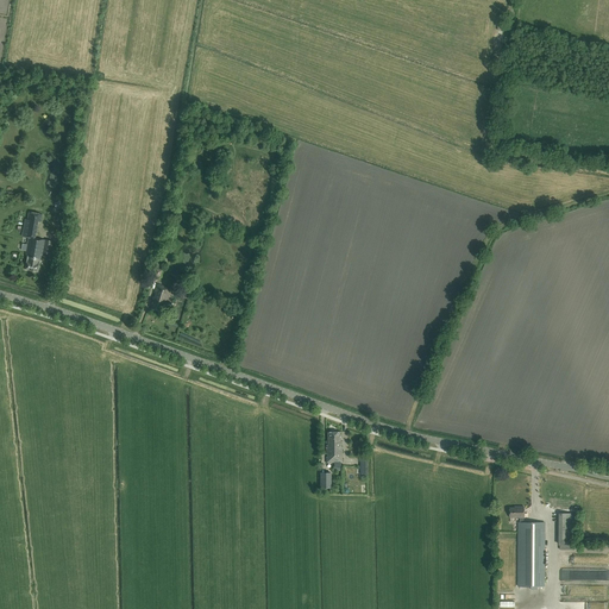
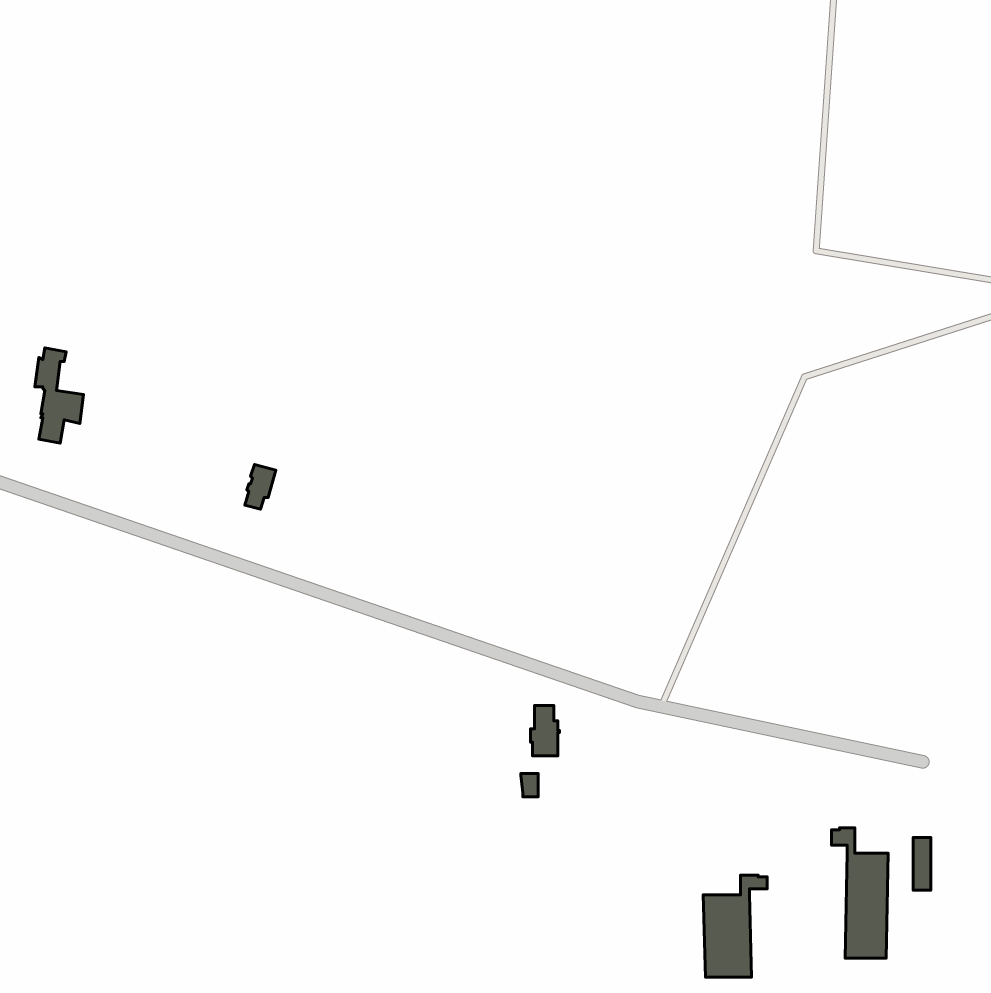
building: none -> [703,875,767,977]

